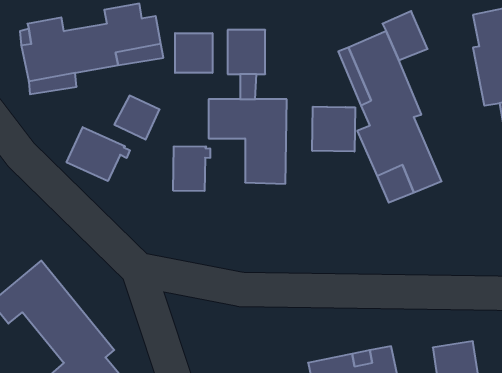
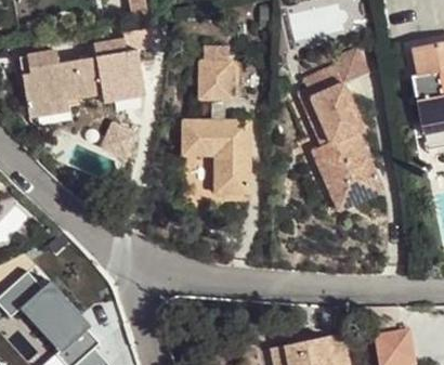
building: [175,33,212,73] -> none
building: [312,107,355,152] -> none
building: [67,127,130,181] -> none
building: [173,146,210,191] -> none

